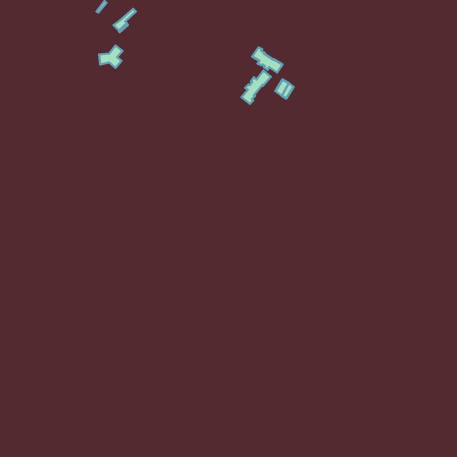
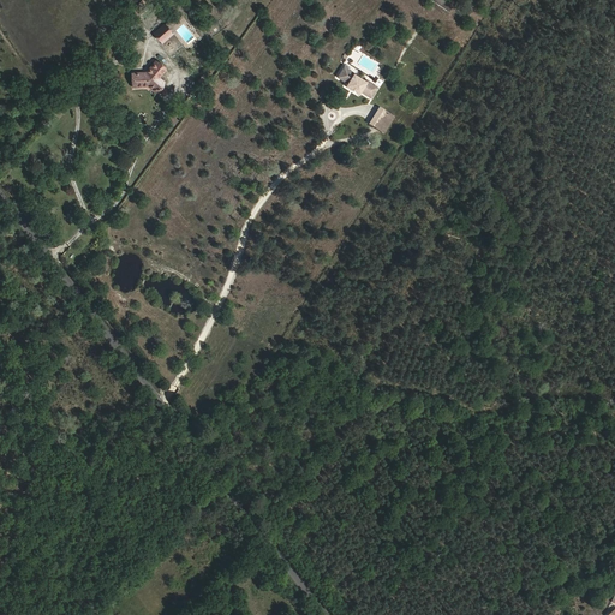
building: [241,71,271,104] -> none

